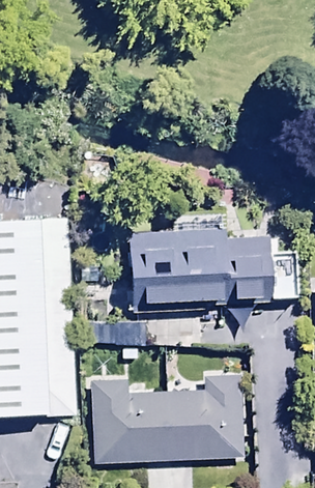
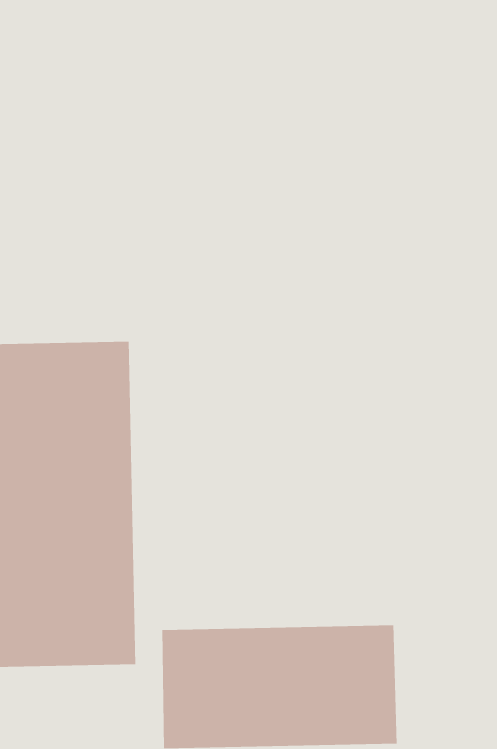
building: [139,237,273,300] -> none

